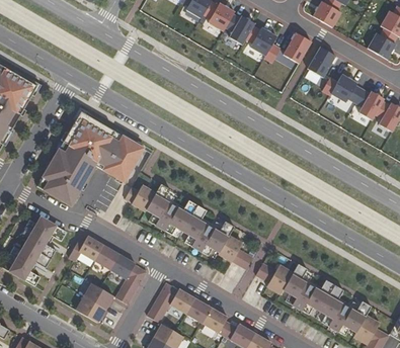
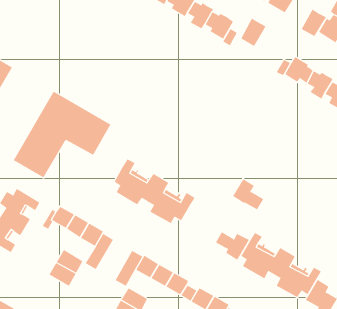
building: [307,47,335,77] -> [301,9,327,37]
building: [125,185,155,211] -> none
building: [218,235,252,269] -> [232,178,264,210]

